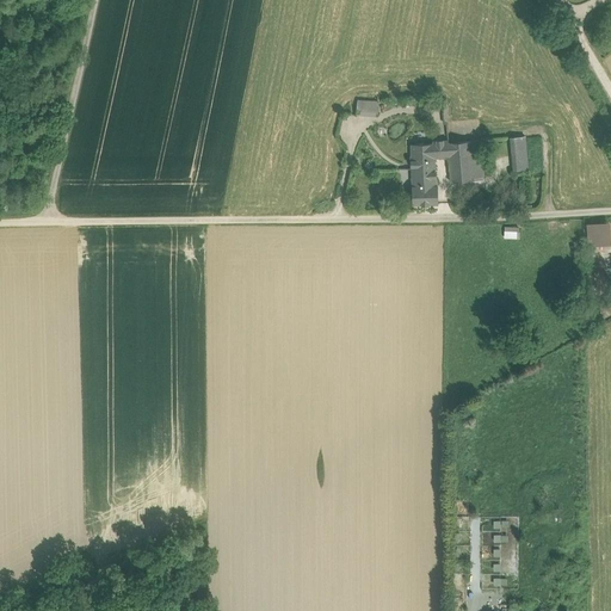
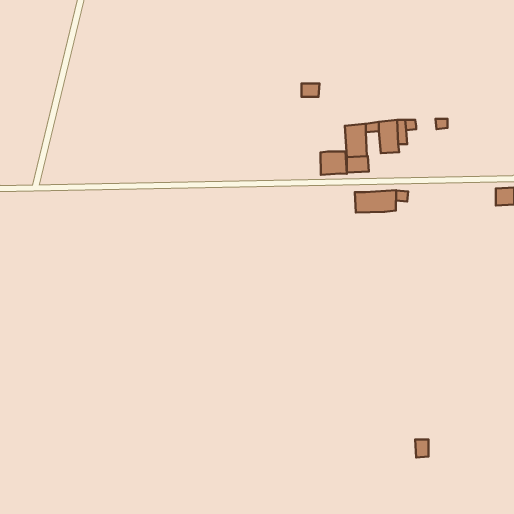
building: none -> [321,151,347,175]
building: none -> [355,190,396,212]

